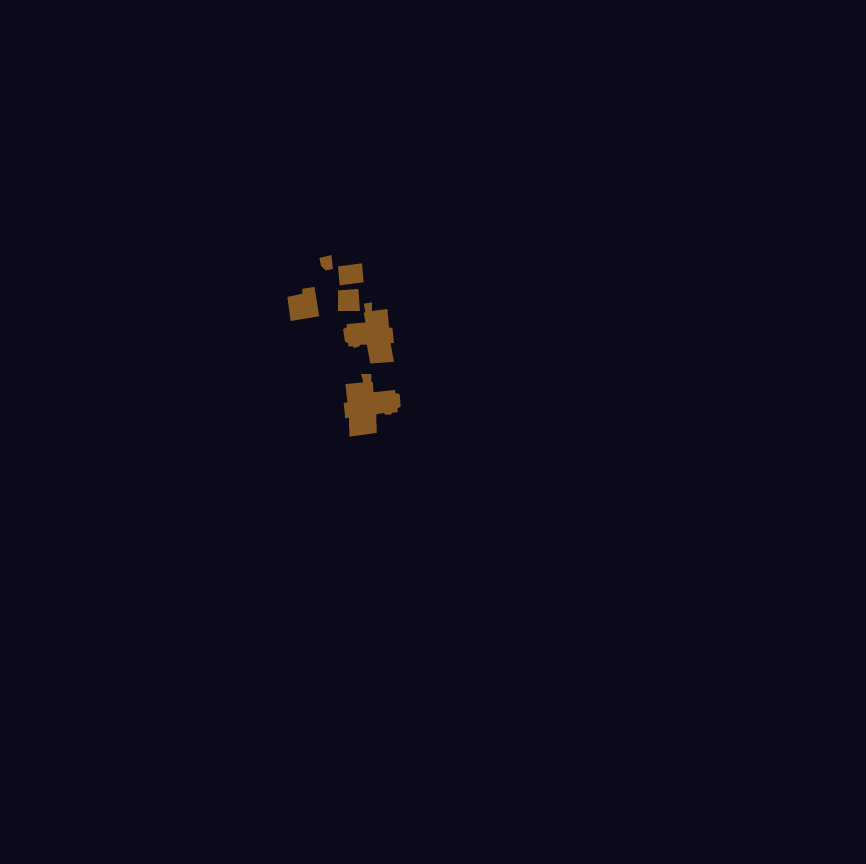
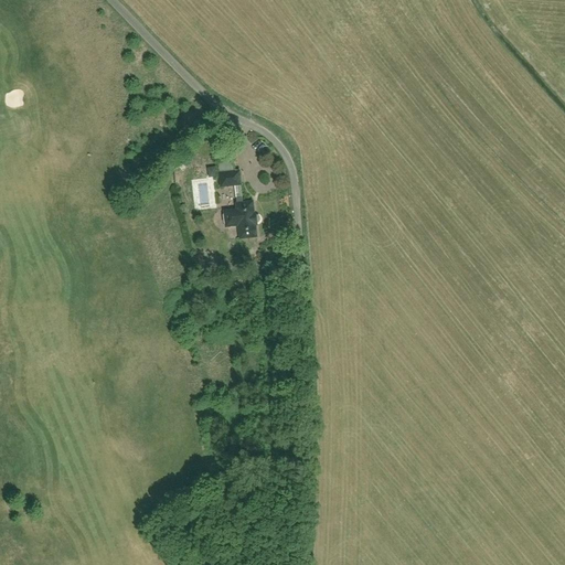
building: [343,373,401,437] -> none

